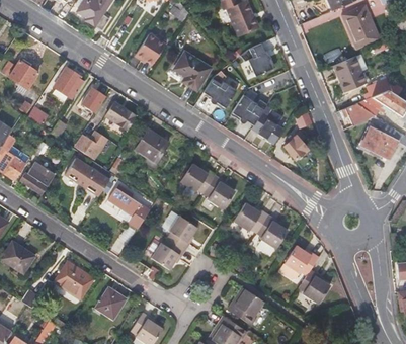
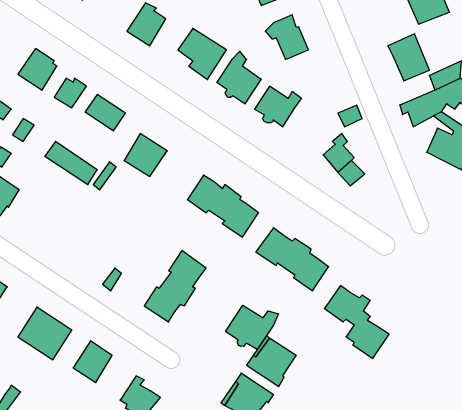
building: [252,106,285,144] -> none
building: [67,157,110,195] -> none
building: [109,184,142,216] -> none
building: none -> [226,305,278,350]

